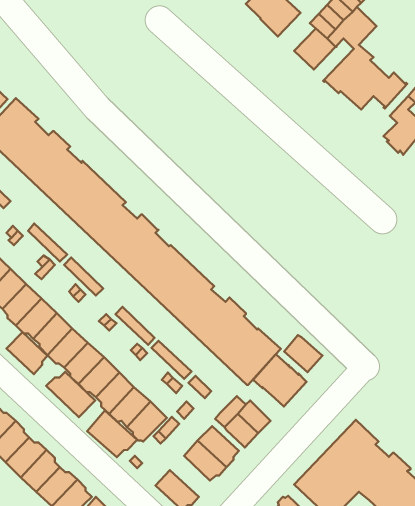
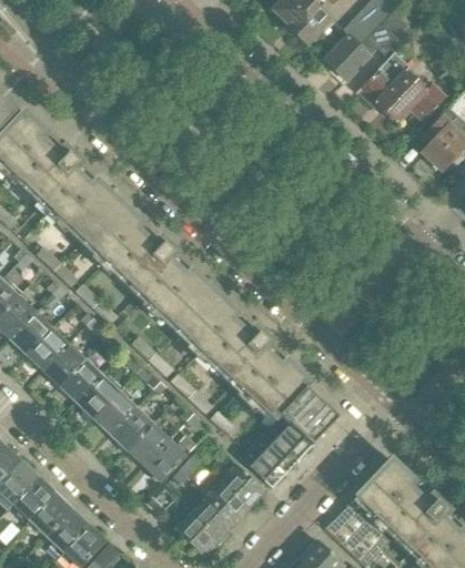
building: [6,332,47,374] -> none
building: [284,335,322,372] -> none
building: [46,372,95,417] -> none
building: none -> [276,422,313,458]
building: [87,410,137,457] -> none
building: none -> [190,496,233,540]

